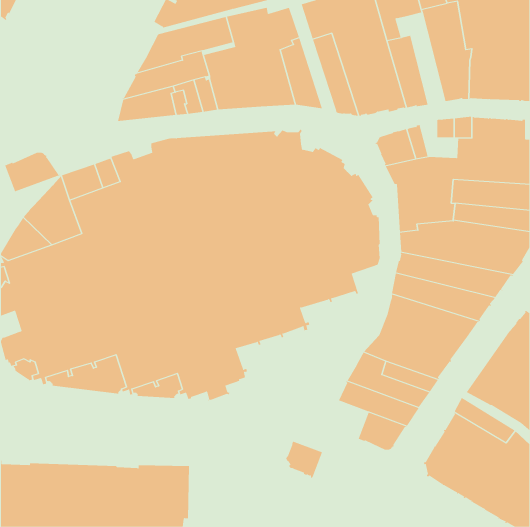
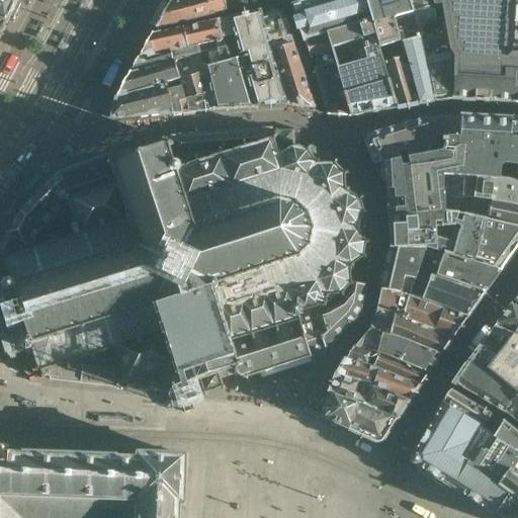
building: none -> [397,12,434,102]
building: none -> [410,116,446,154]
building: [4,151,61,192] -> none
building: none -> [231,258,370,376]
building: [285,441,323,479] -> [323,391,359,428]

